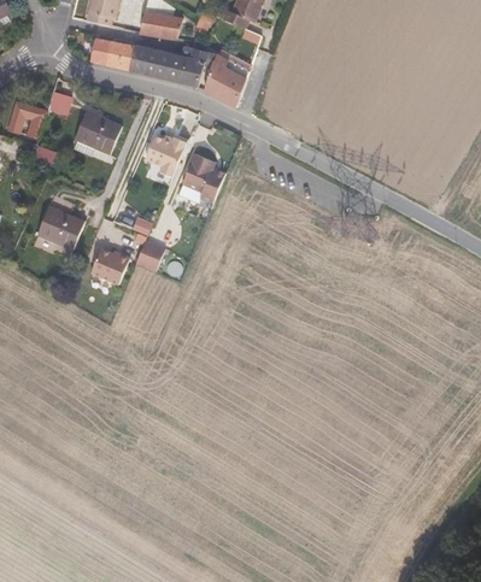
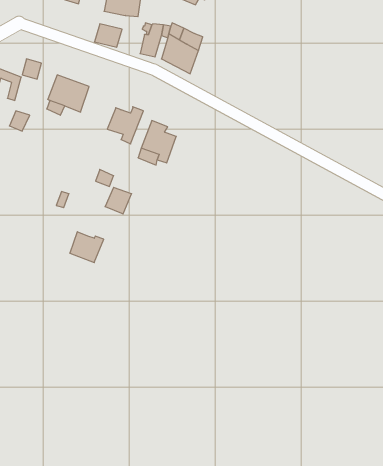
building: [89,40,134,69] -> none
building: [153,54,184,82] -> none
building: [36,204,84,248] -> none
building: [96,242,135,277] -> [70,232,104,263]

